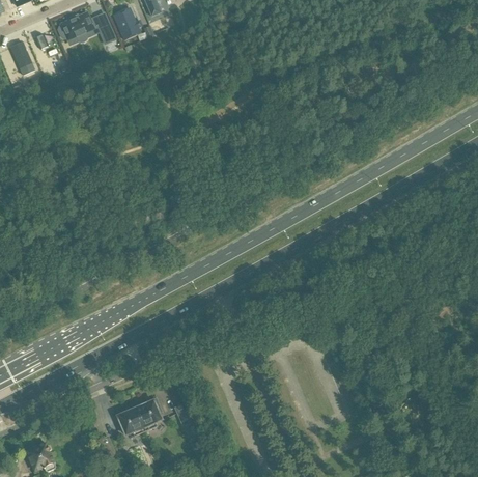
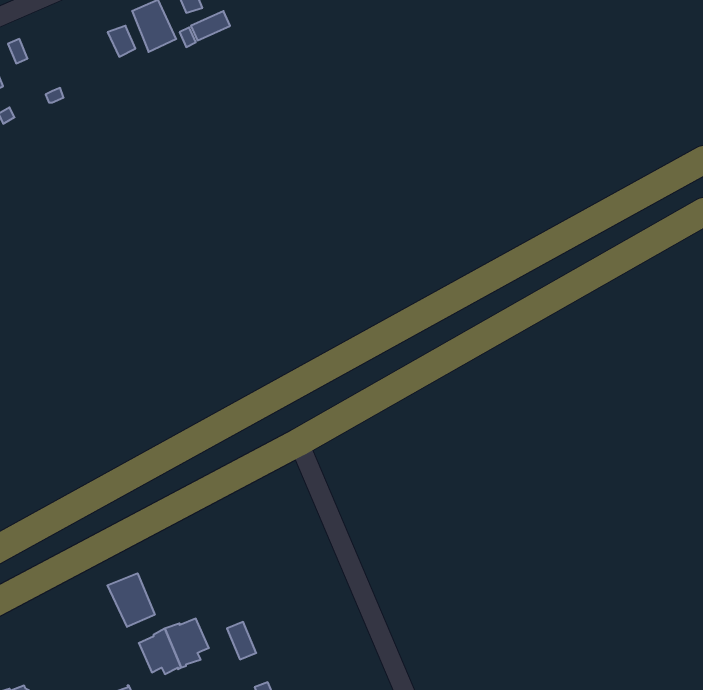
building: [58,11,97,39] -> none
building: none -> [107,573,155,627]

